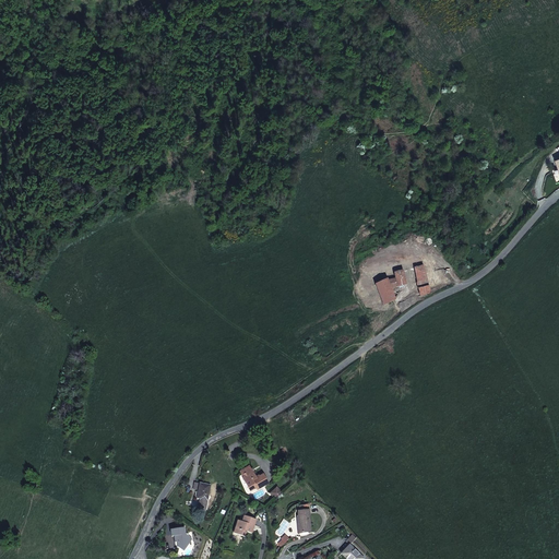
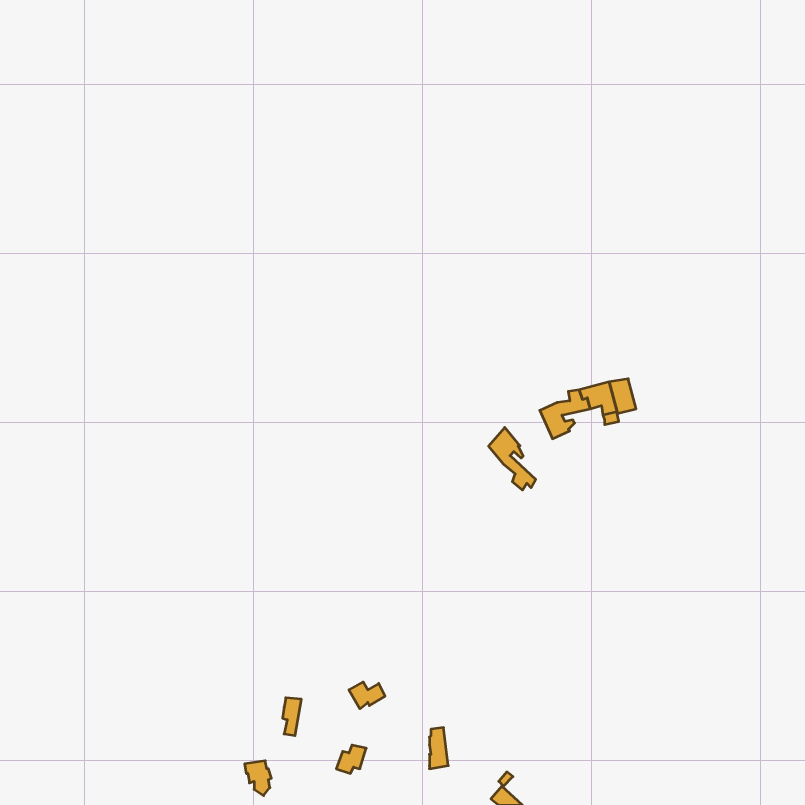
building: none -> [489,427,536,490]

